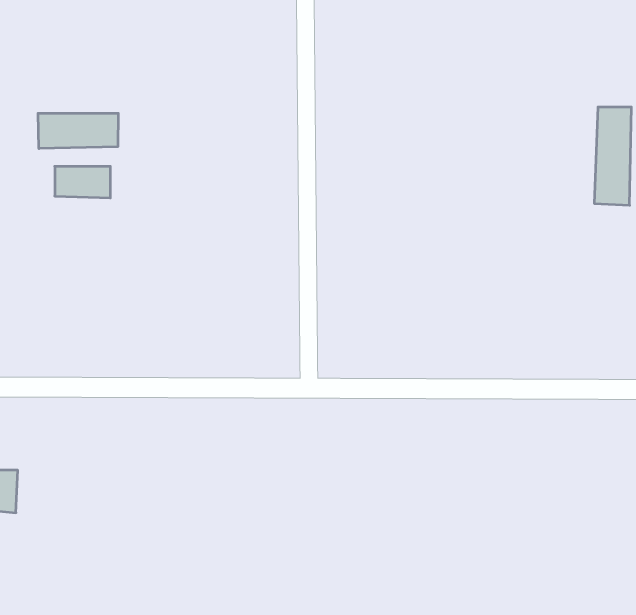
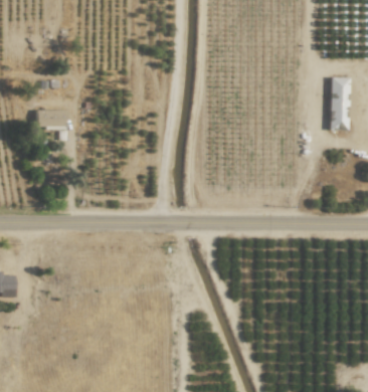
building: [38,113,118,149] -> none

